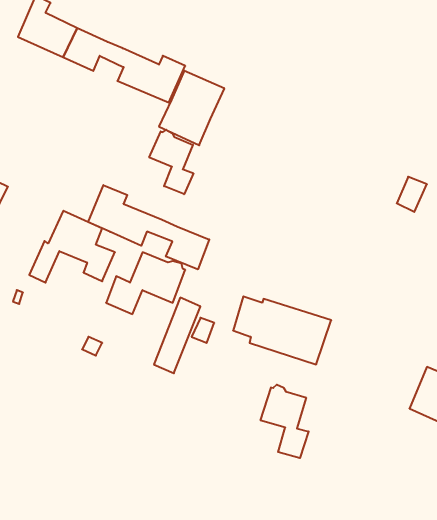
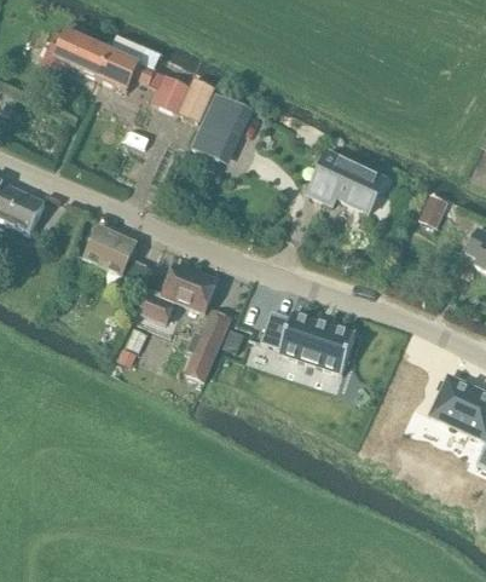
building: [149,130,193,194] -> none
building: none -> [306,148,386,212]
building: [88,185,209,269] -> none
building: [261,385,309,458] -> none

